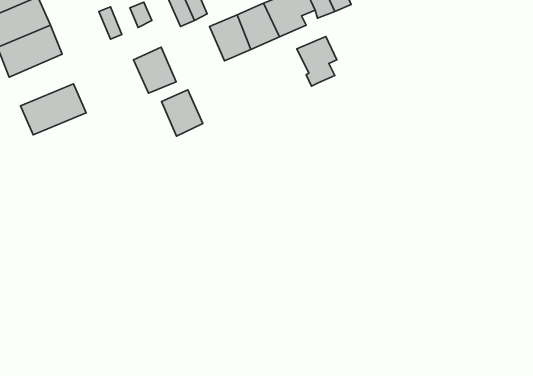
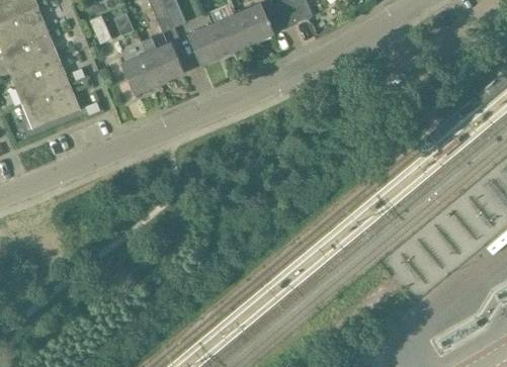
building: [297,36,337,86] -> none
building: none -> [11,58,68,103]
building: [161,90,203,136] -> [145,41,181,82]

